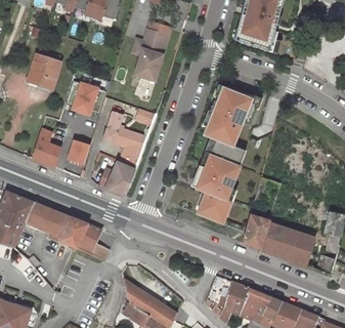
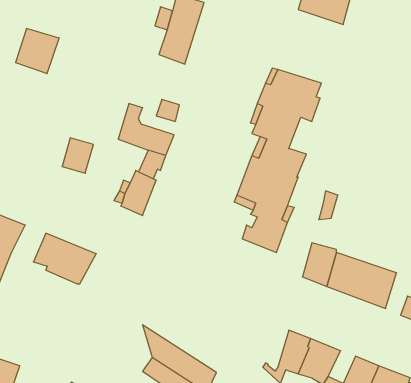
building: [66,79,95,114] -> none
building: [32,128,60,166] -> none
building: [25,202,50,230] -> none
building: [76,223,110,259] -> none

